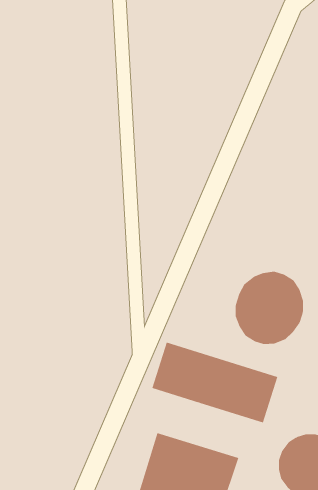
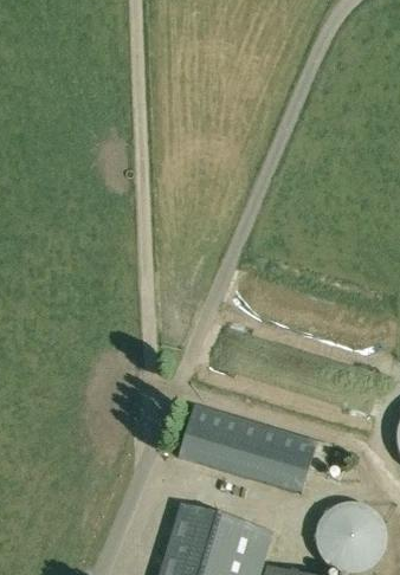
building: [235,271,304,345] -> none

